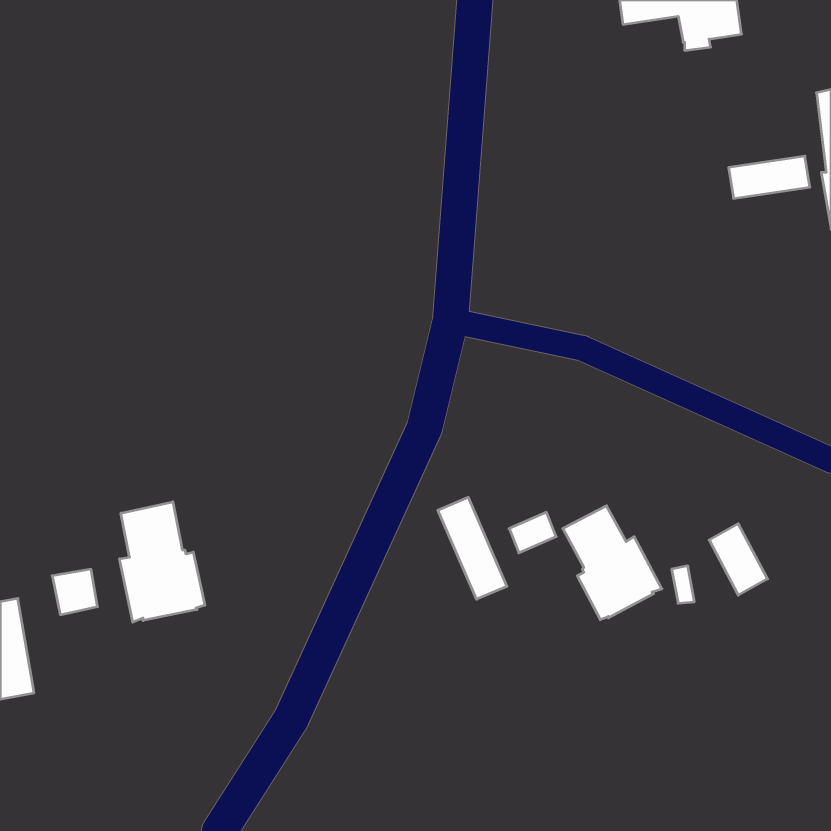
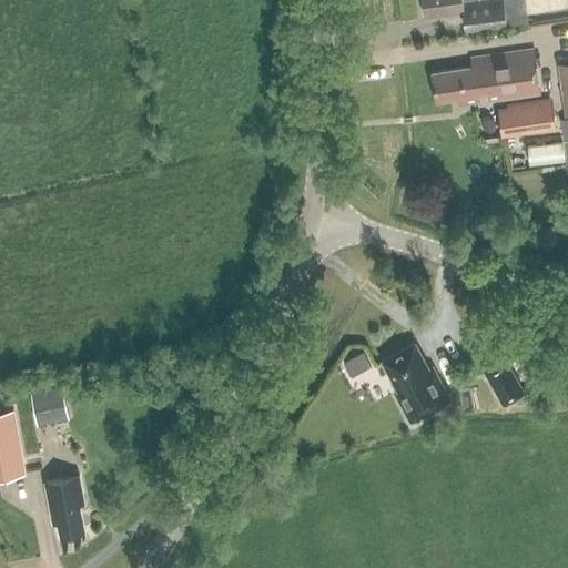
building: none -> [432,50,540,104]
building: [438,497,507,599] -> none
building: [120,502,205,622] -> none
building: none -> [44,476,84,536]

